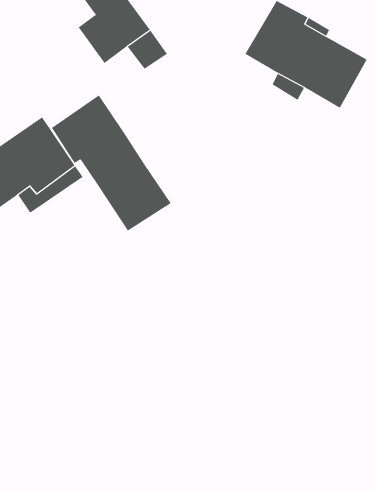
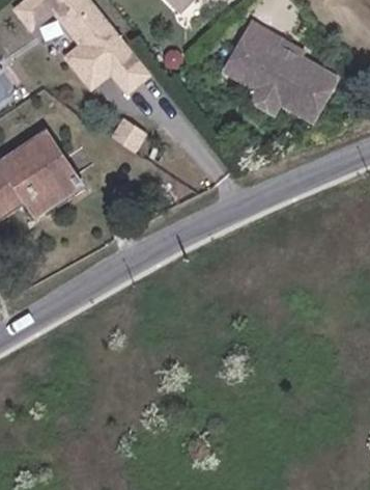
building: [51,94,172,232] -> none

